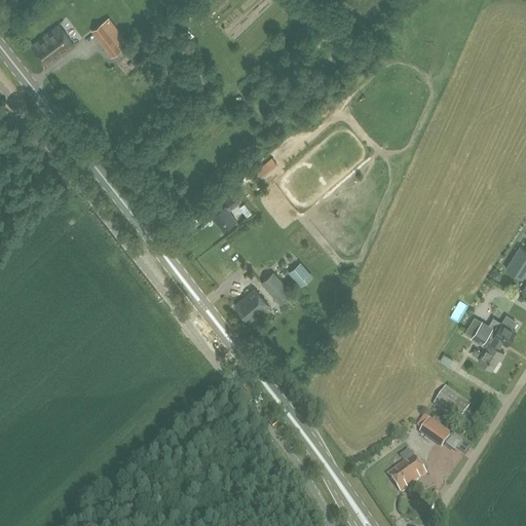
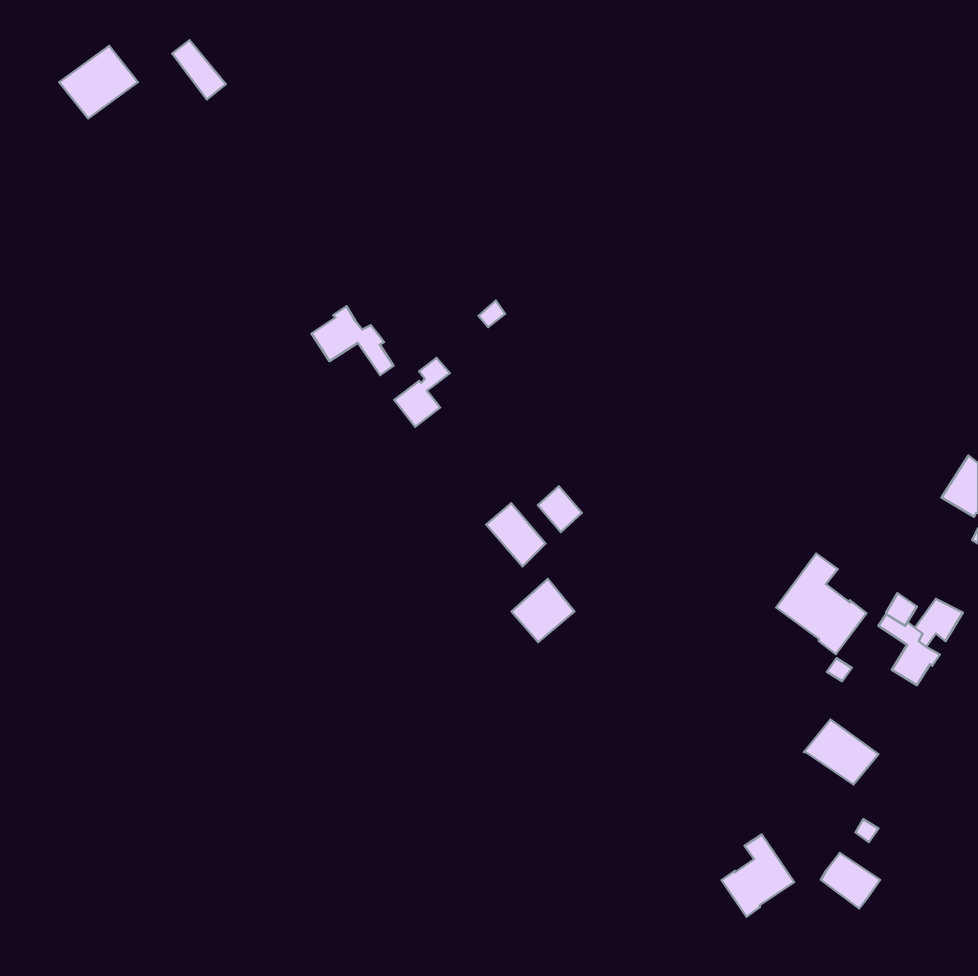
building: none -> [312,306,393,375]
building: [235,287,269,321] -> [511,579,575,642]
building: none -> [776,554,866,654]
building: [419,418,451,448] -> [821,853,880,908]

